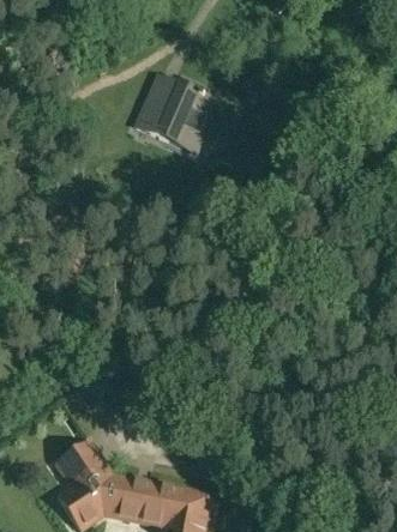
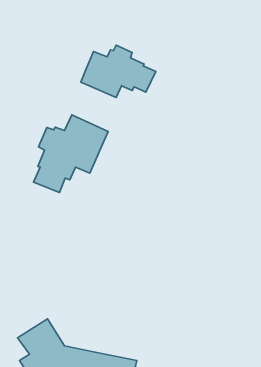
building: none -> [34,115,108,192]

